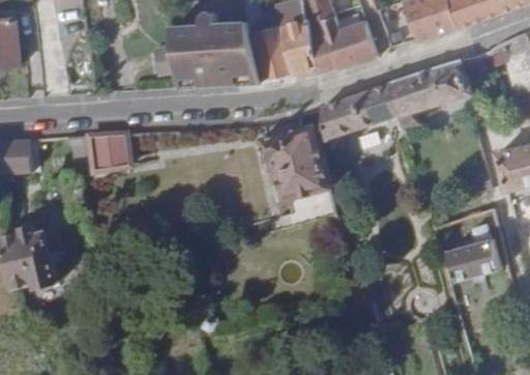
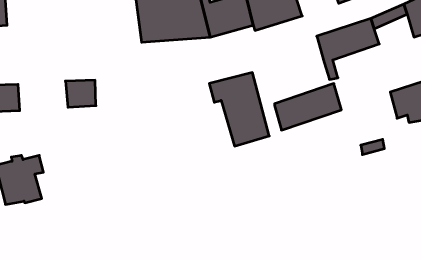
building: [323,81,405,138] -> [275,84,341,130]
building: [452,223,499,276] -> none

